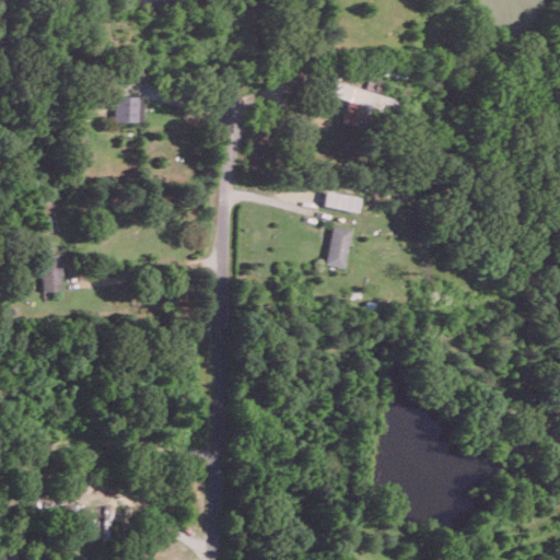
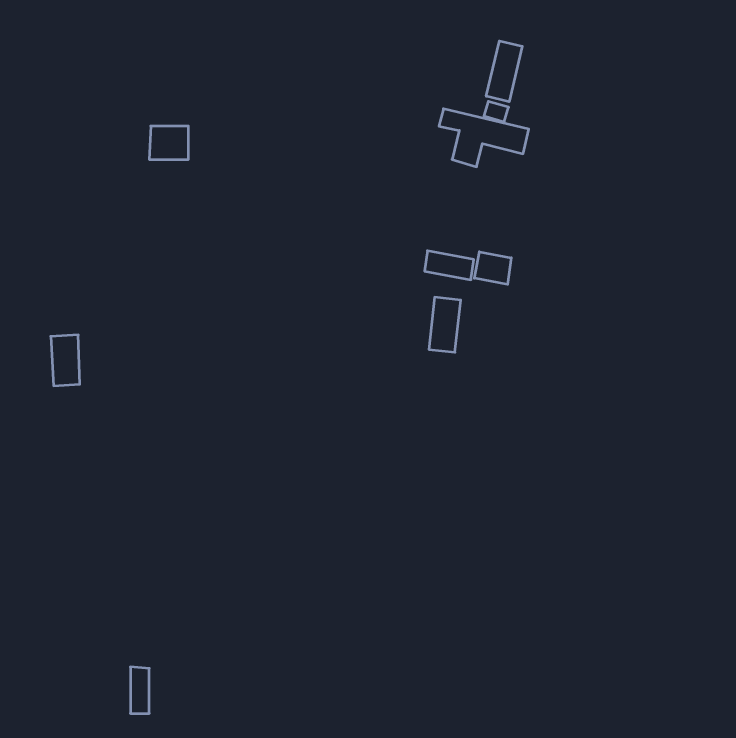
building: none -> [486,41,522,102]
building: none -> [474,252,511,284]

